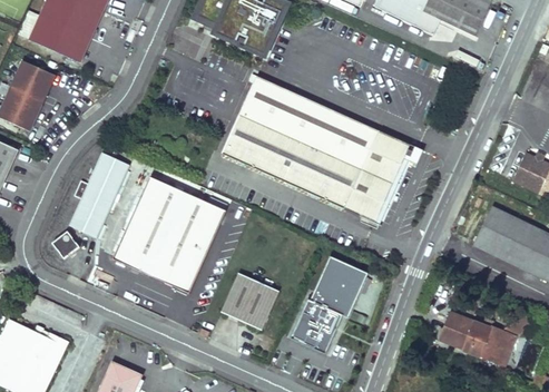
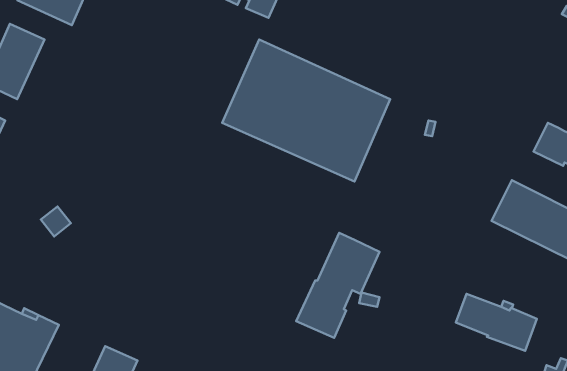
building: [345,130,410,222] -> none
building: [70,153,129,237] -> none
building: [114,176,226,293] -> none
building: [222,273,280,330] -> none

